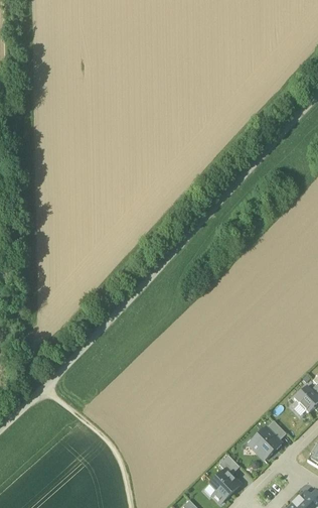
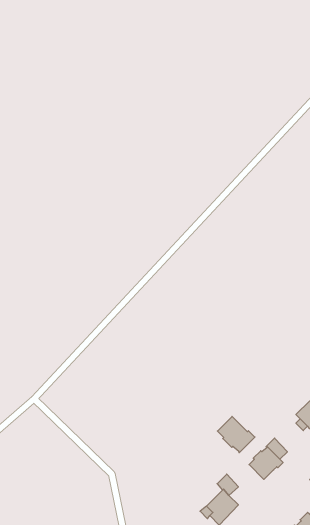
building: none -> [217,416,255,453]

